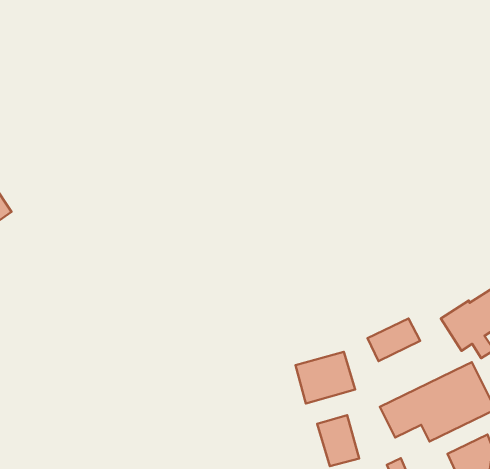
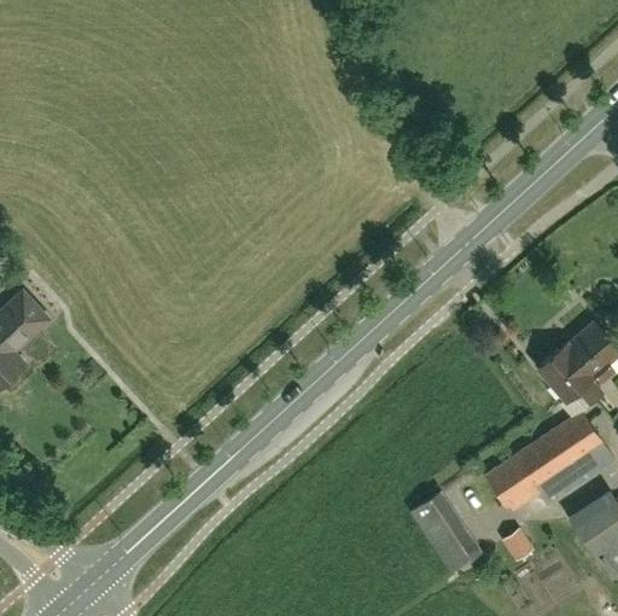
building: [368,319,420,361] -> none
building: [295,352,355,404] -> none

